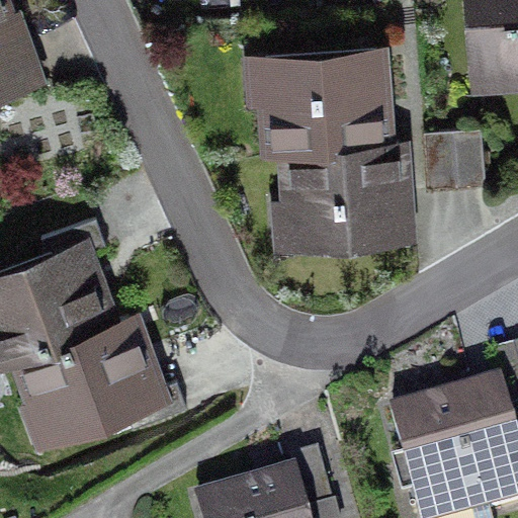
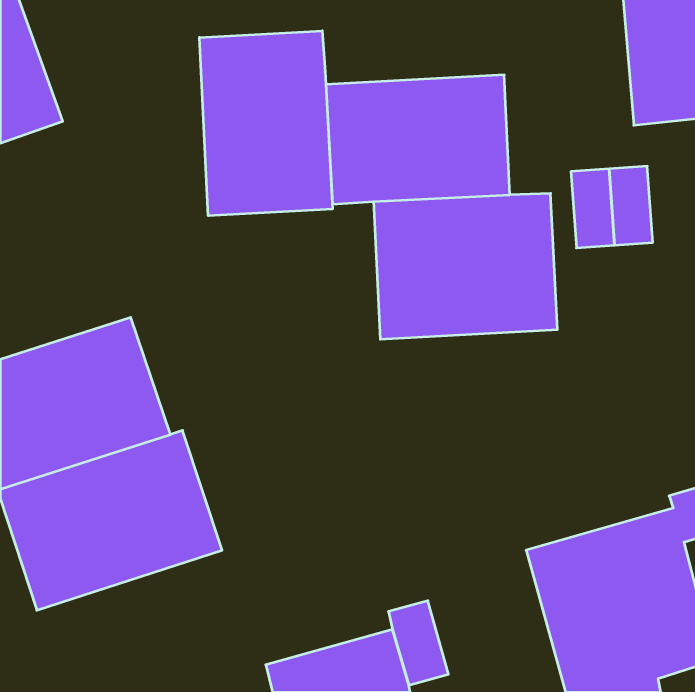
building: none -> [199,31,332,216]

